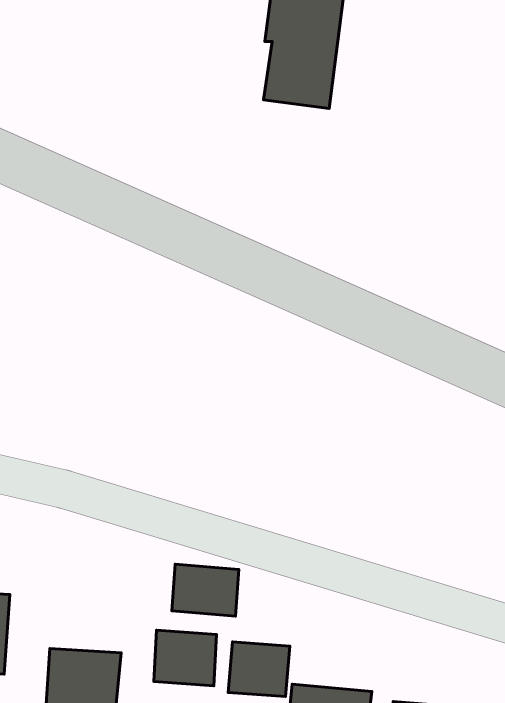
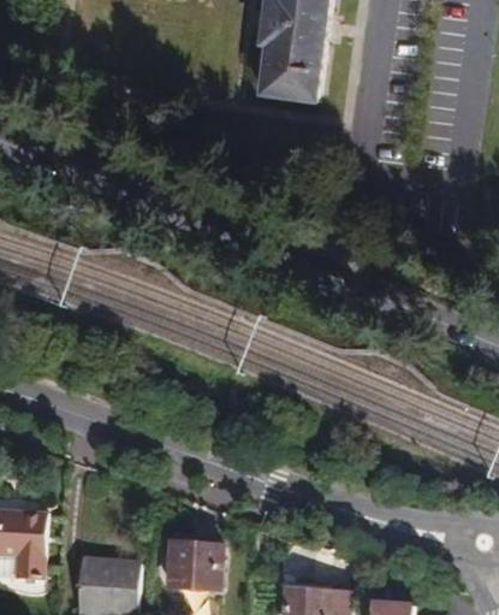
building: [172,564,239,616] -> none
building: [228,642,290,696] -> none

